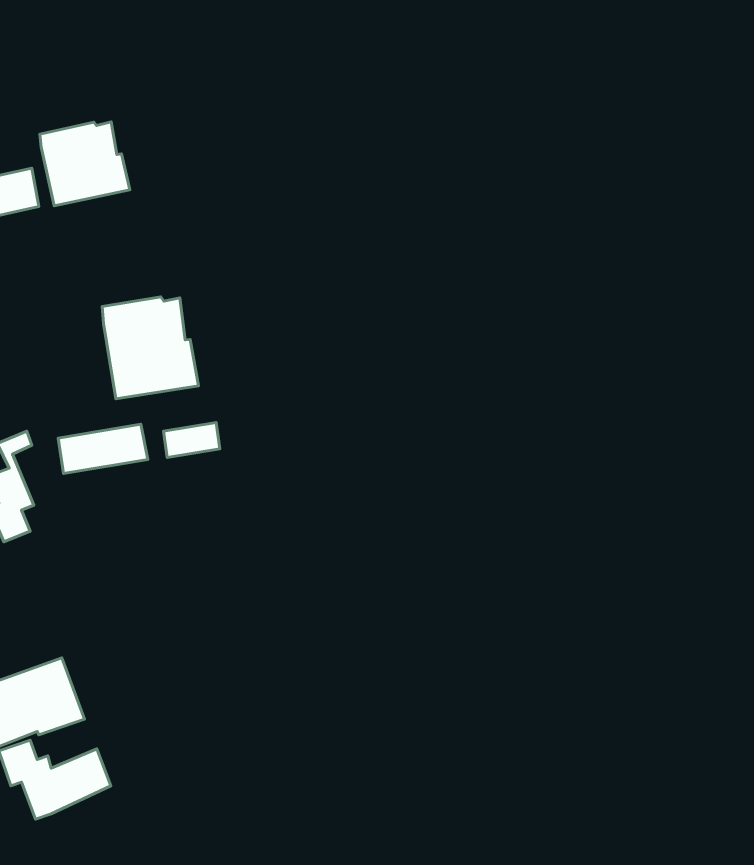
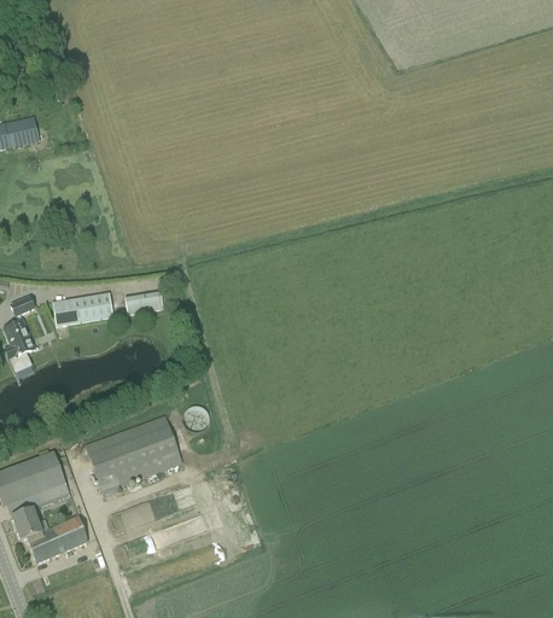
building: [40,122,130,206] -> none
building: [102,297,199,399] -> none
building: none -> [85,414,182,497]

